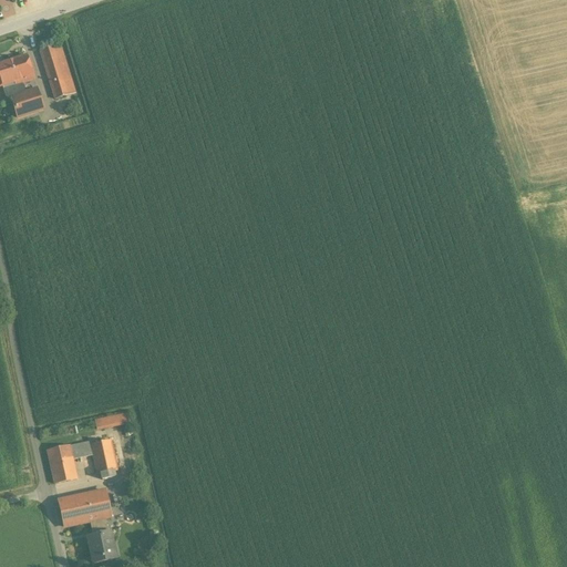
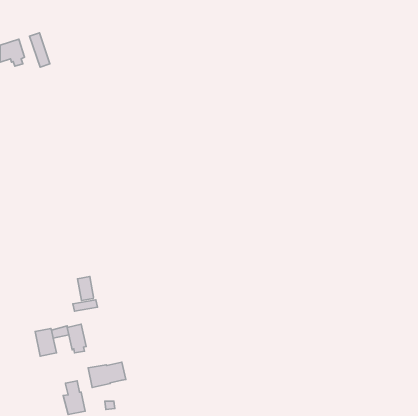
building: [13,83,43,113] -> none
building: none -> [77,277,93,301]
building: [60,491,111,525] -> [88,362,126,388]

